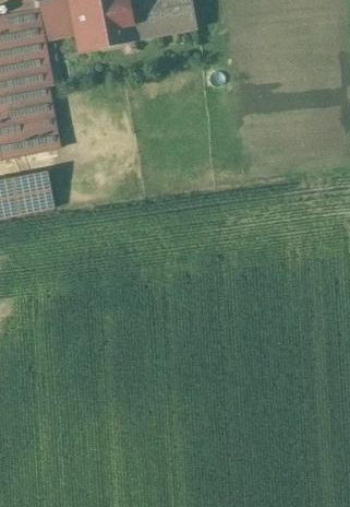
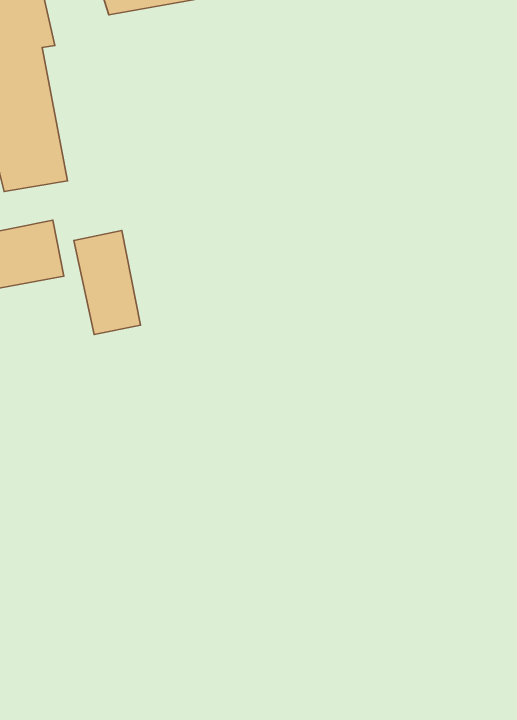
building: none -> [74,231,141,335]

